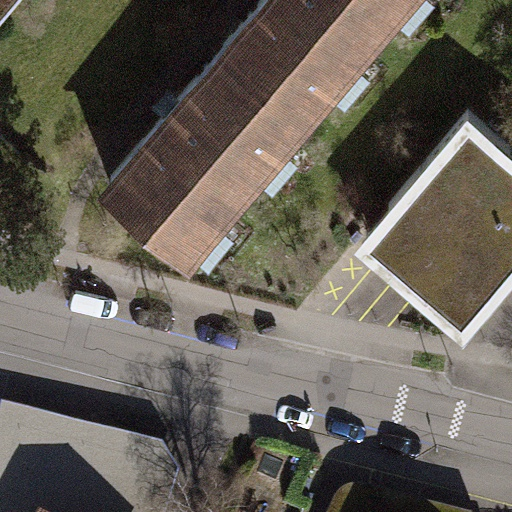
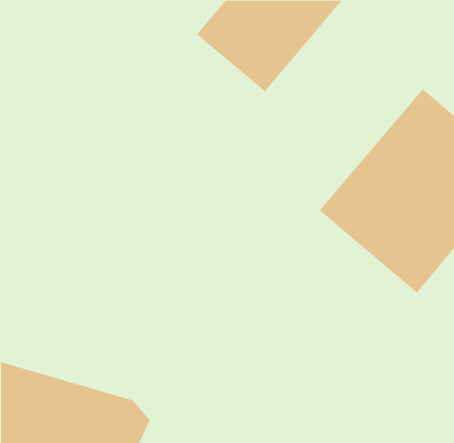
building: [103,54,300,259] -> none

